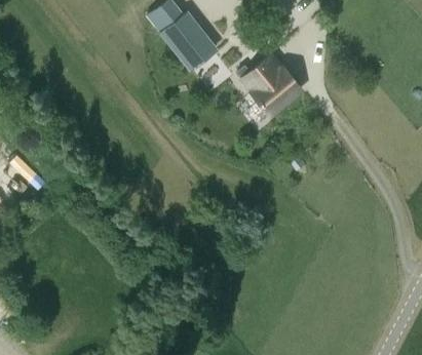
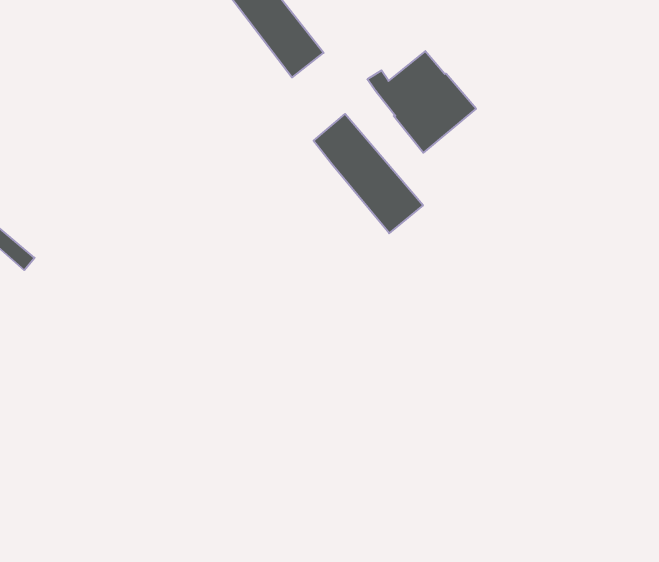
building: none -> [314,114,423,233]

